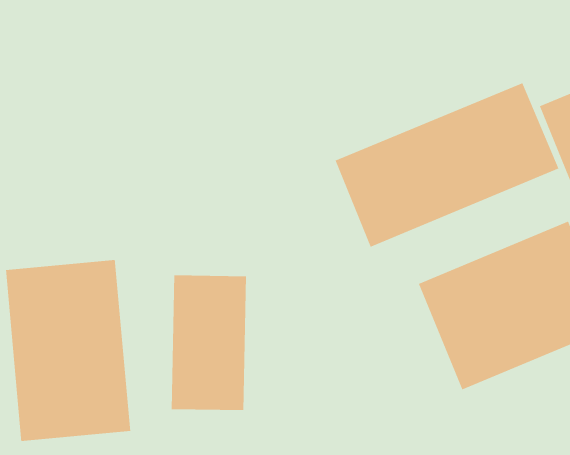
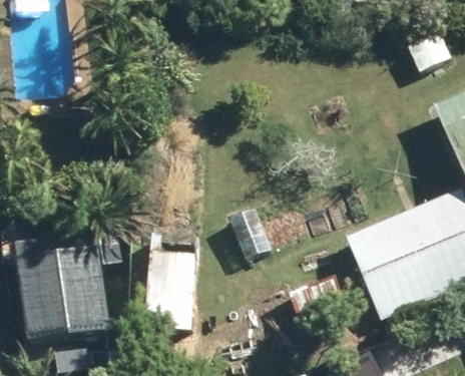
building: [335,82,560,248] -> none

